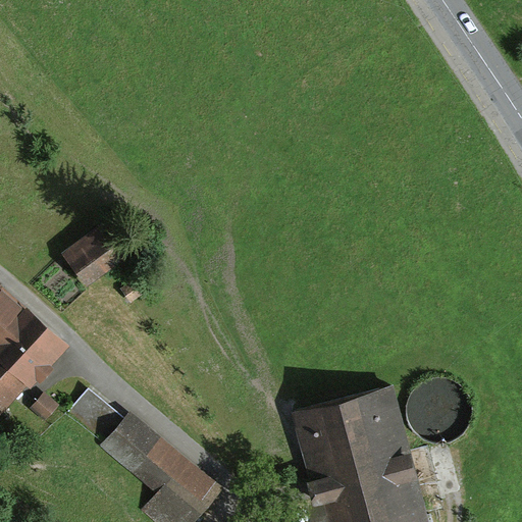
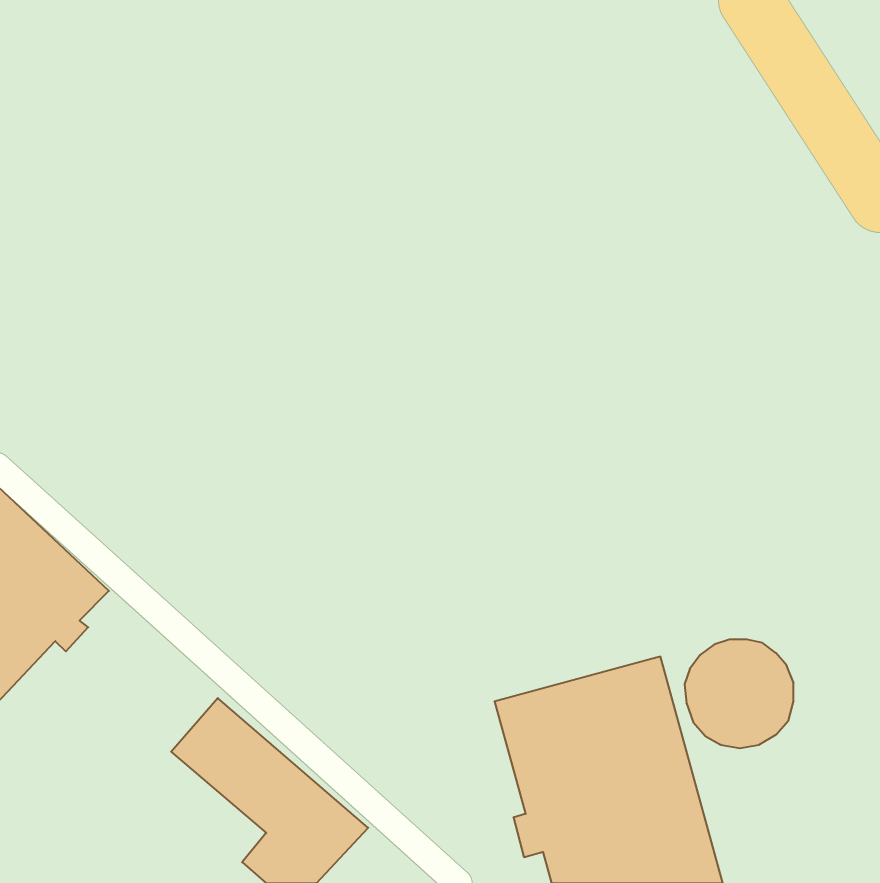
building: [63,225,126,284] -> none
building: [69,388,123,440] -> none

